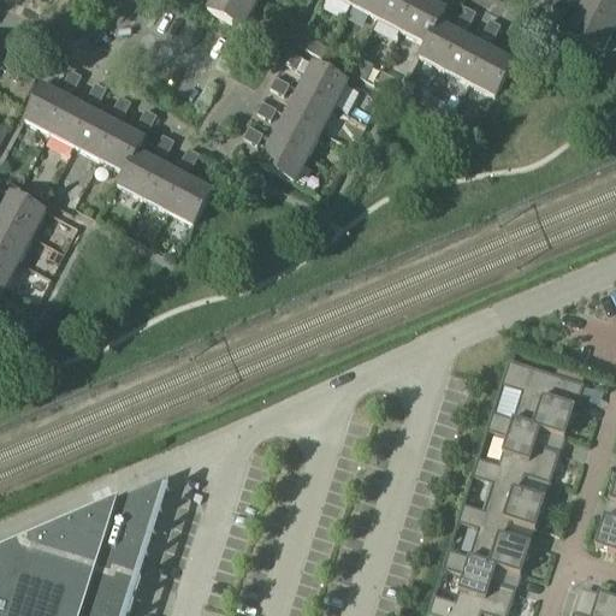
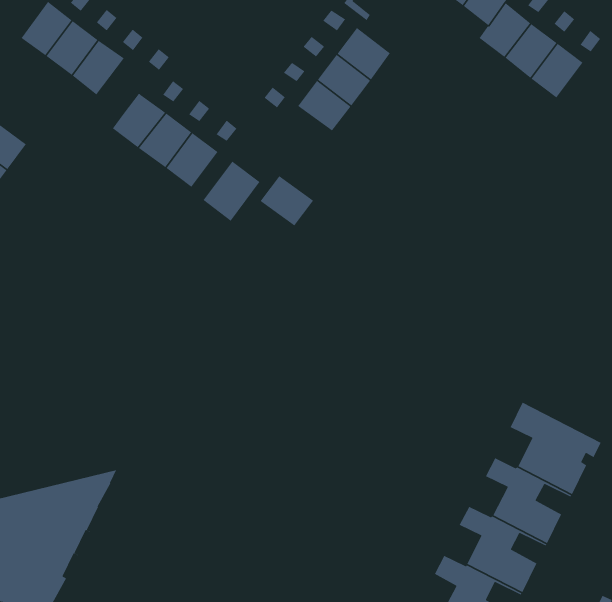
building: [99,119,144,167] -> none
building: [260,136,307,178] -> [260,175,314,227]
building: none -> [203,161,260,222]

